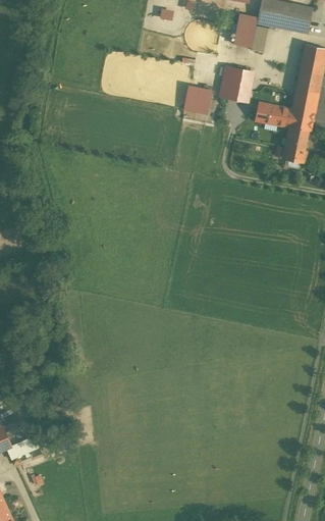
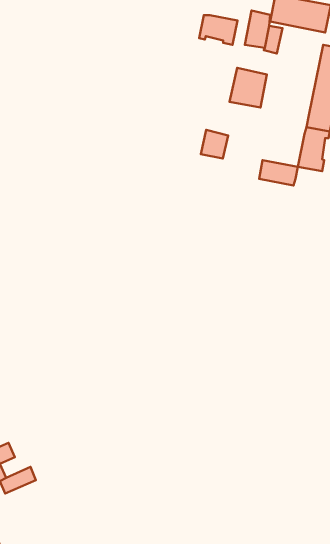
building: none -> [199,15,238,45]
building: [185,87,211,113] -> [201,130,228,159]
building: [257,104,292,127] -> [259,160,298,185]

